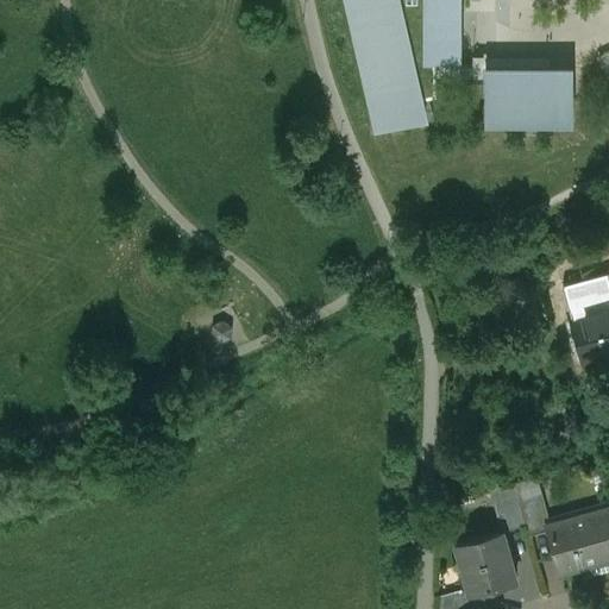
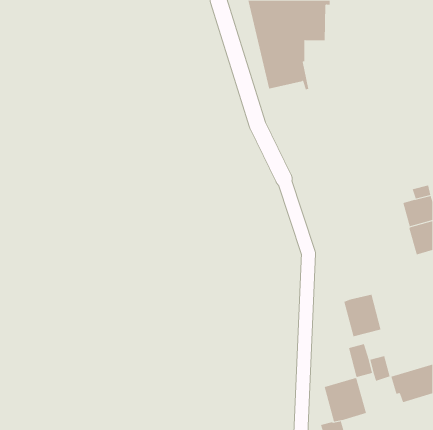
building: [485,71,571,136] -> none
building: none -> [343,294,381,337]

